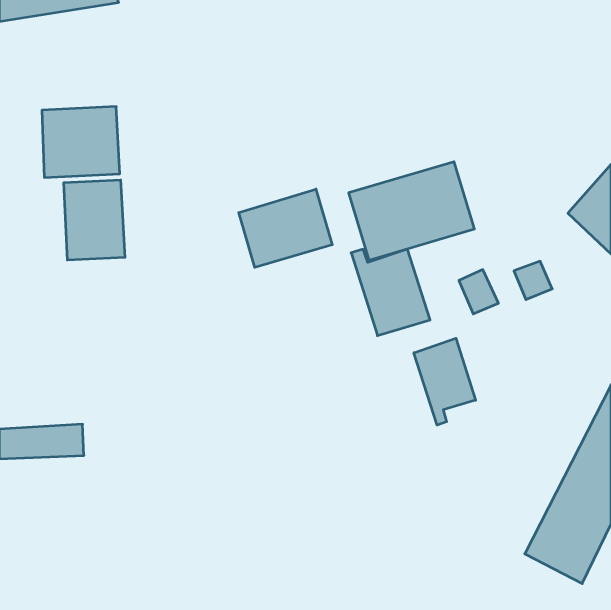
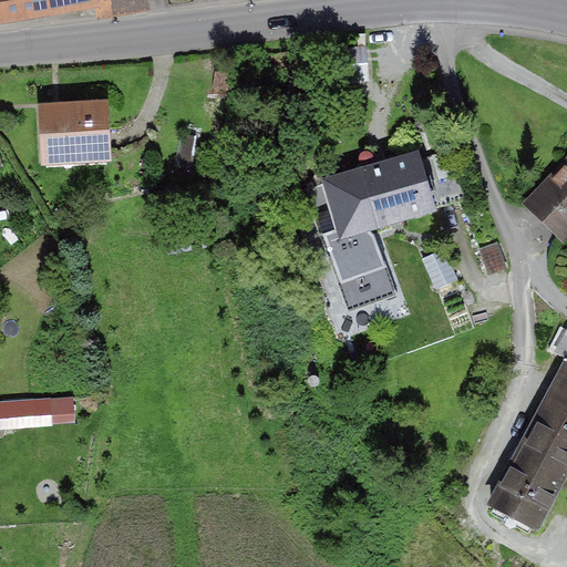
building: [64,180,125,260] -> none
building: [239,189,332,267] -> none
building: [414,338,476,425] -> none

